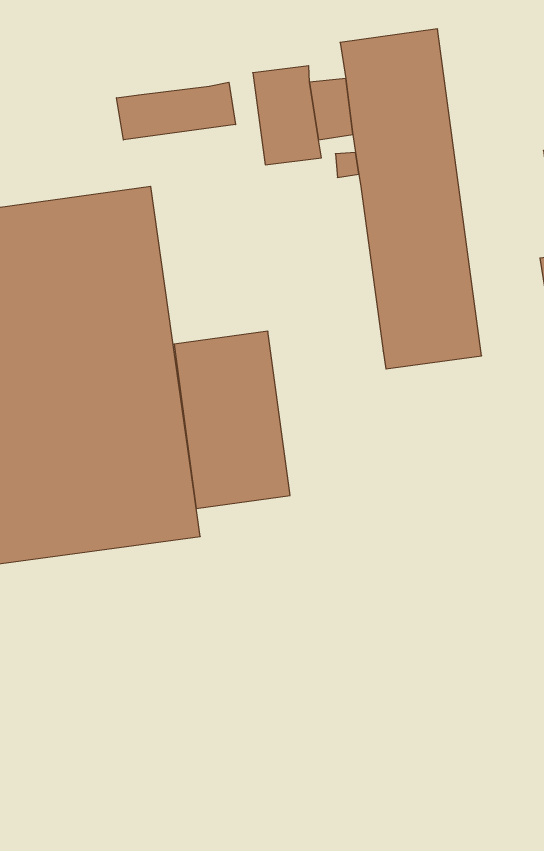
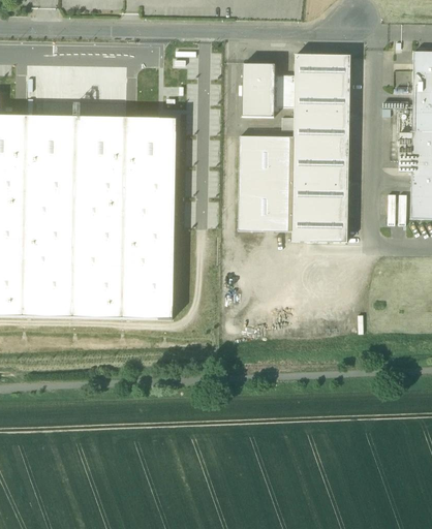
building: [117,82,236,140] -> none
building: [174,331,290,508] -> [238,135,294,230]

